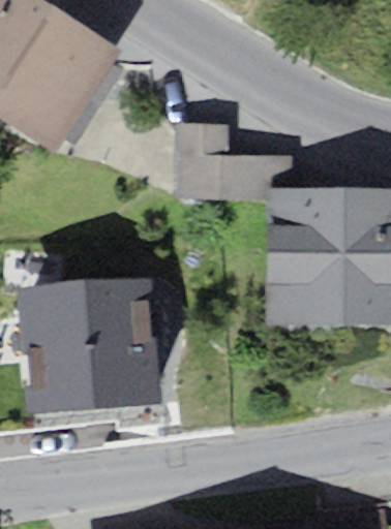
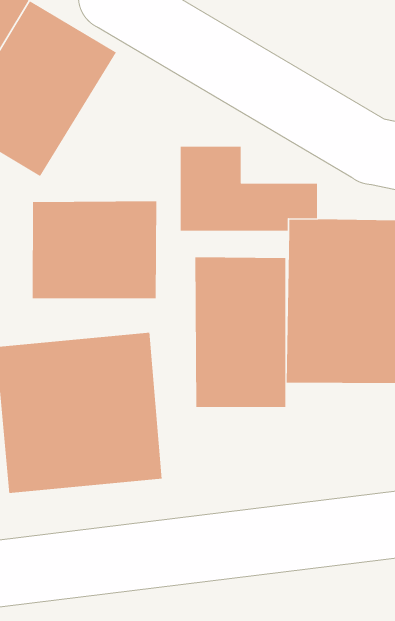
building: none -> [32,200,157,299]
building: none -> [195,256,286,408]

